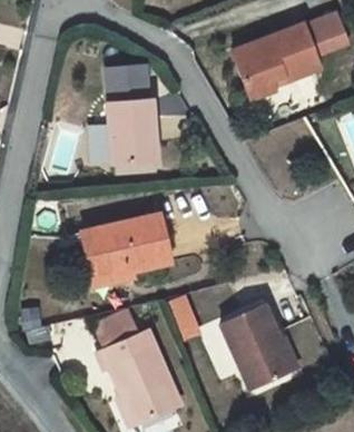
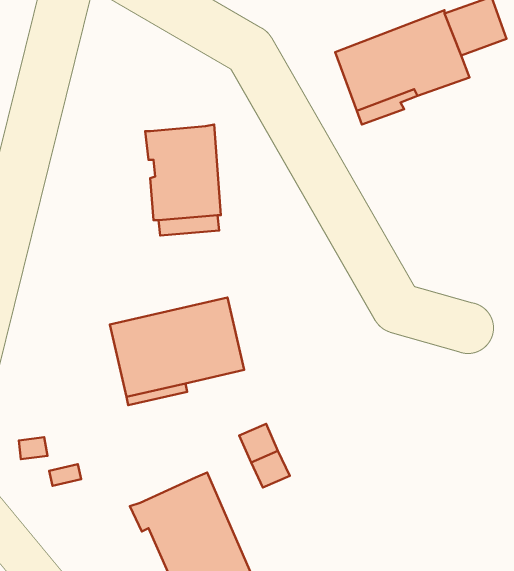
building: [107,67,146,104] -> none
building: [220,304,293,389] -> none
building: [91,307,139,350] -> none

